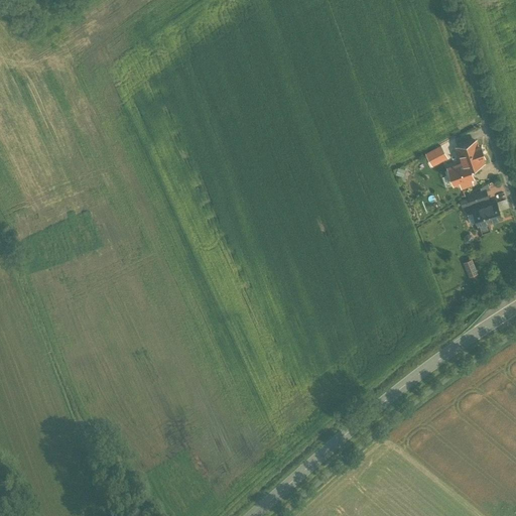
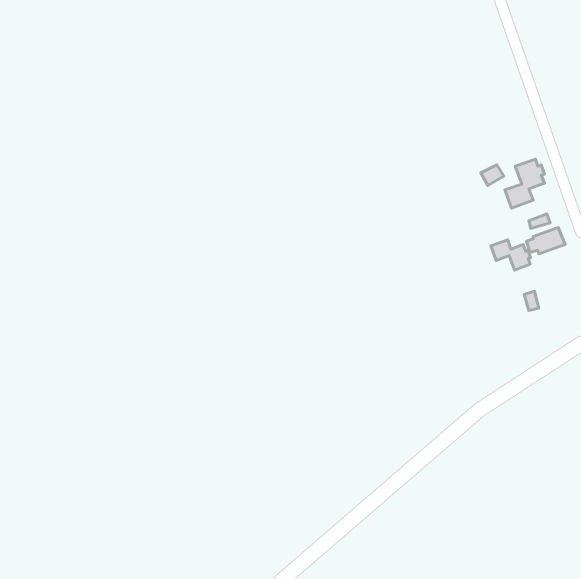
building: none -> [491,240,531,270]

